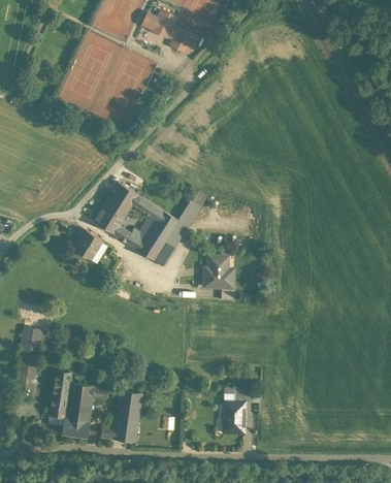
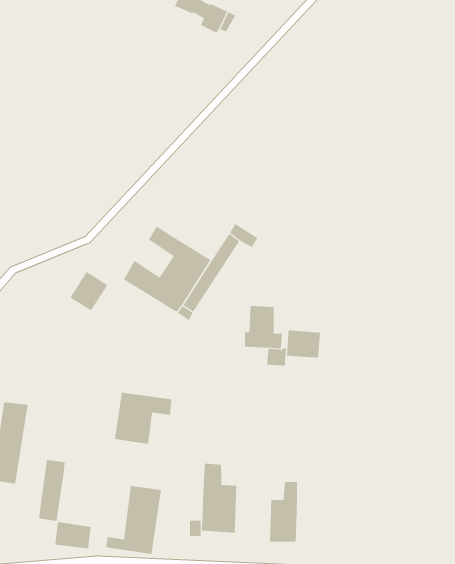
building: [93,183,137,235] -> none
building: none -> [286,330,321,359]
building: none -> [202,463,237,533]
building: [63,382,106,421] -> [114,392,172,445]

